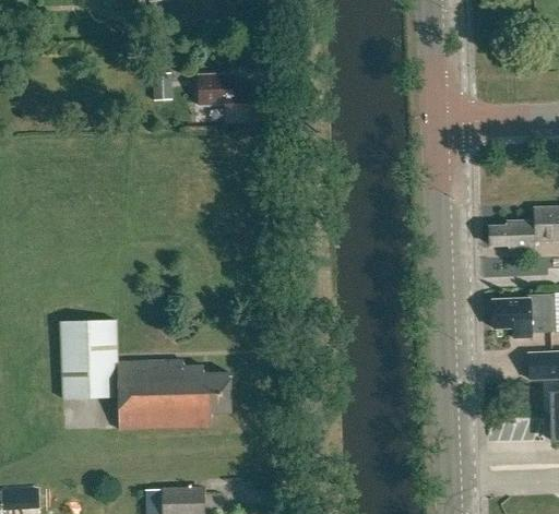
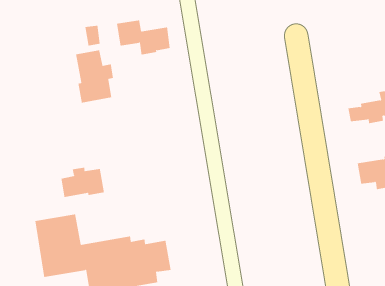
building: none -> [75,50,114,103]
building: none -> [61,167,105,198]

